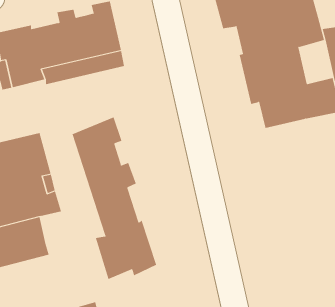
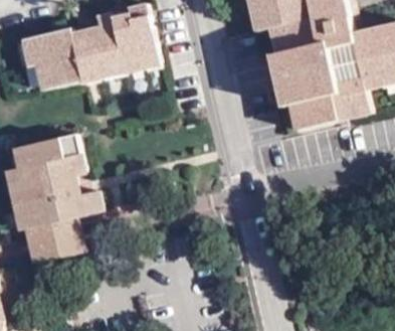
building: [72,117,157,280] -> none

